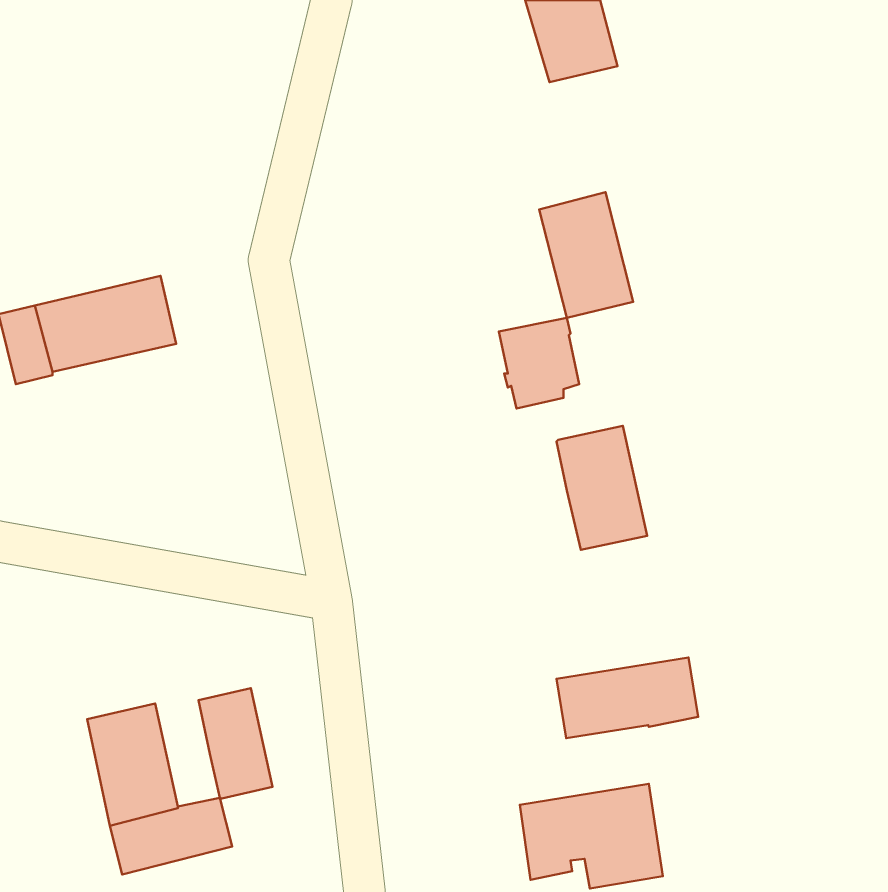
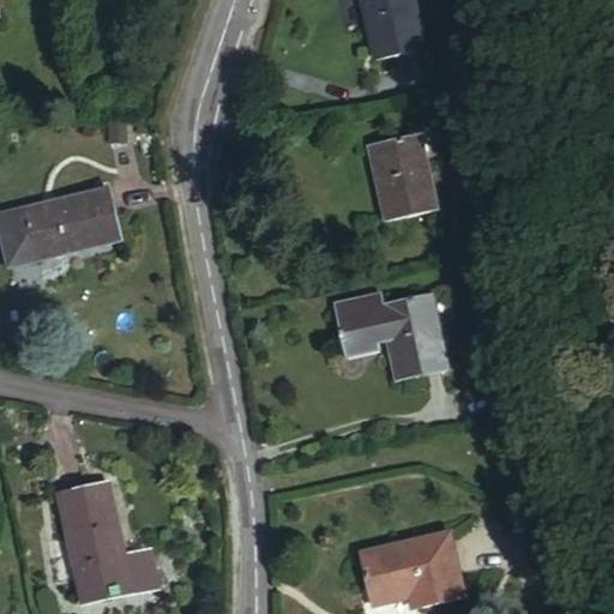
building: [499,318,579,408] -> [335,291,390,354]
building: [556,657,698,738] -> none
building: [199,688,273,799] -> none

